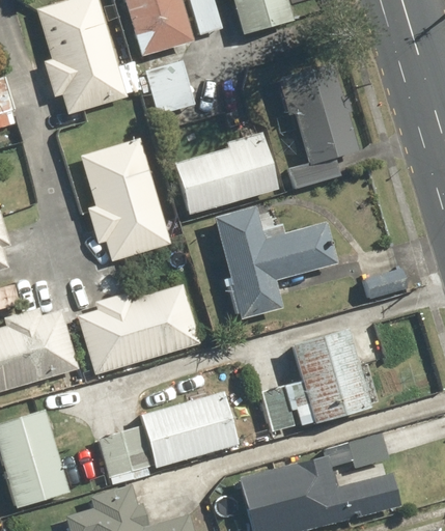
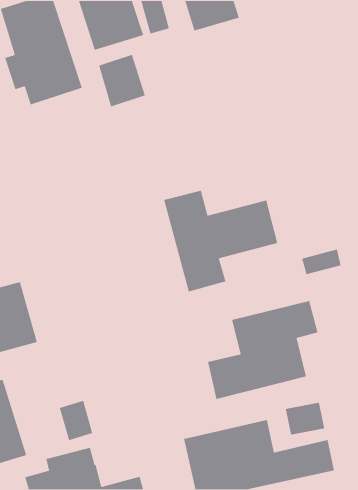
building: [282,64,360,191] -> none
building: [173,135,278,212] -> none
building: [80,136,171,259] -> none
building: [76,284,201,378] -> none
building: [141,391,238,468] -> none

